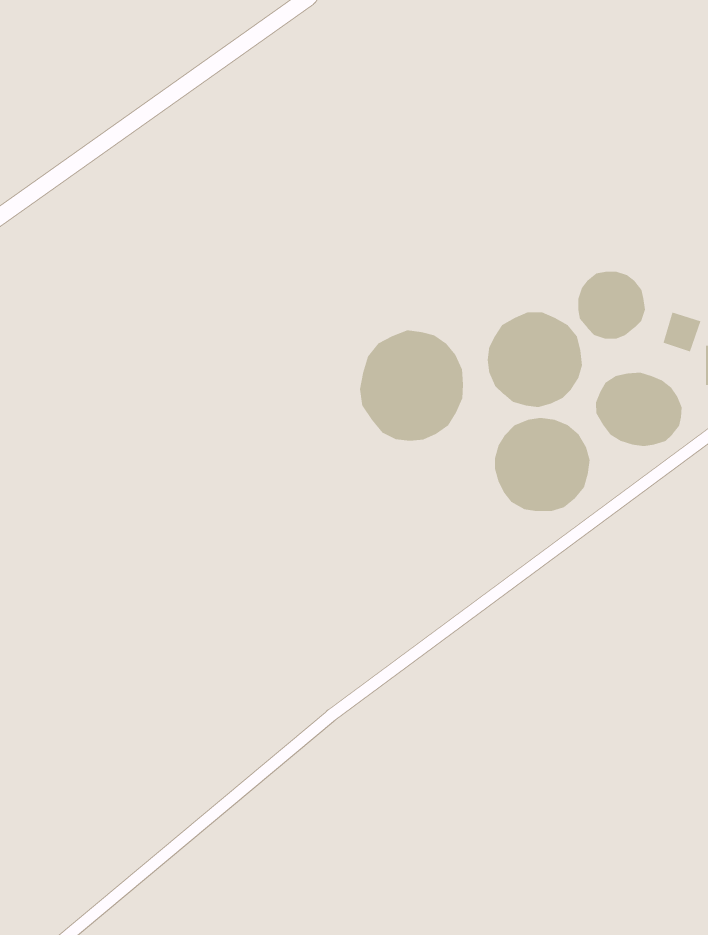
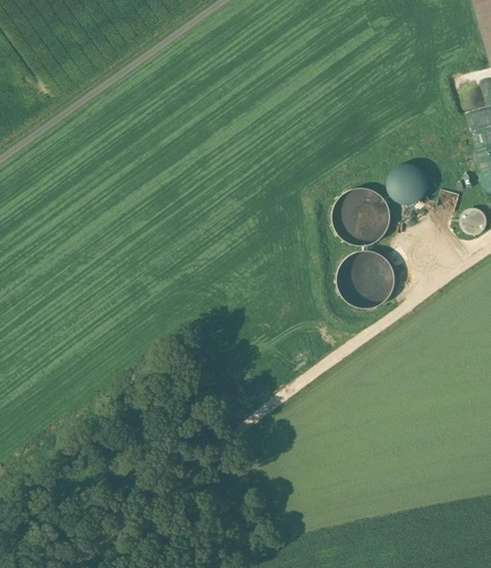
building: [359,330,464,442] -> none
building: [595,372,682,447] -> none

